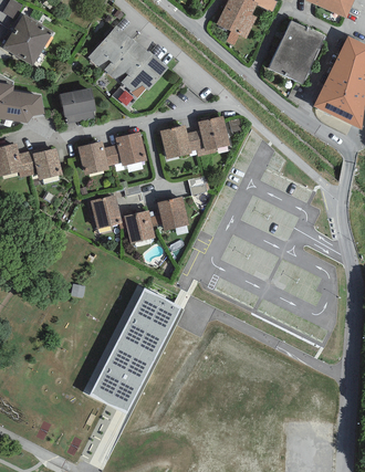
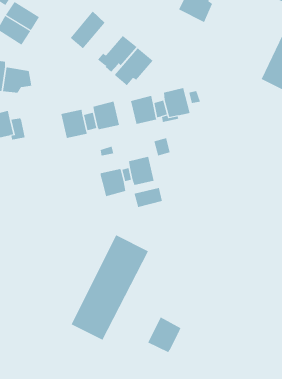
building: [268,20,325,83] -> none
building: [104,38,150,83] -> [114,48,153,86]
building: [60,86,96,124] -> none
building: [32,147,62,179] -> none
building: [90,195,122,228] -> none
building: none -> [134,187,162,208]
building: none -> [147,317,181,353]

